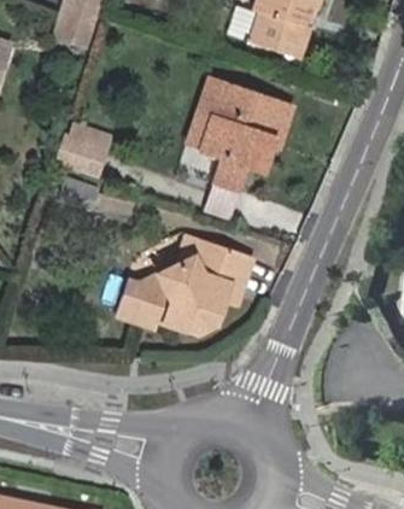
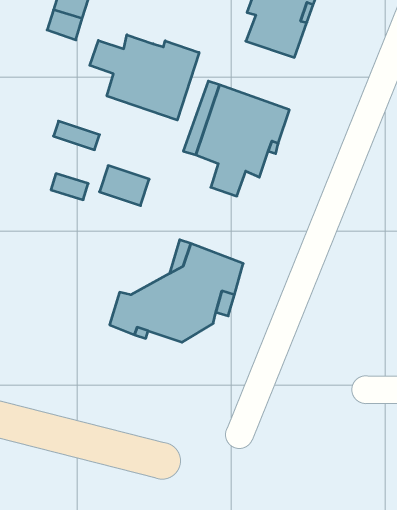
building: none -> [90,35,199,120]
building: [55,139,104,177] -> [99,166,149,206]

